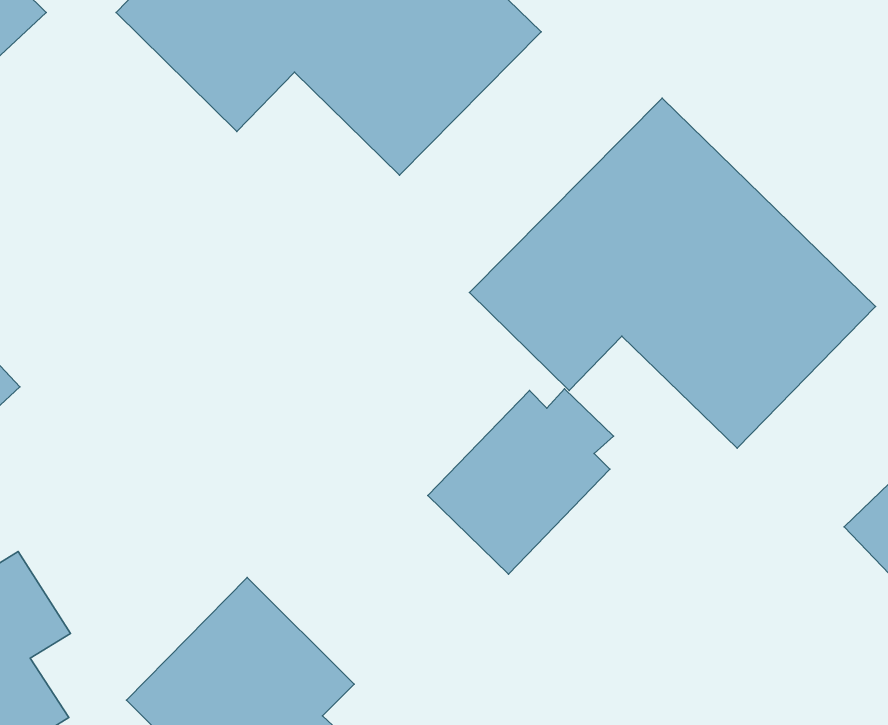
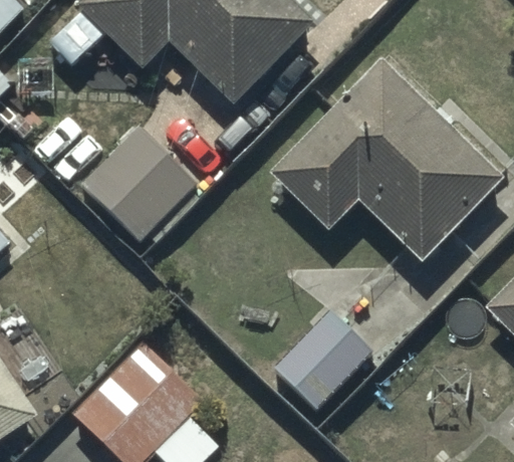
building: none -> [71,117,199,243]
building: [428,389,613,574] -> [274,305,380,412]

